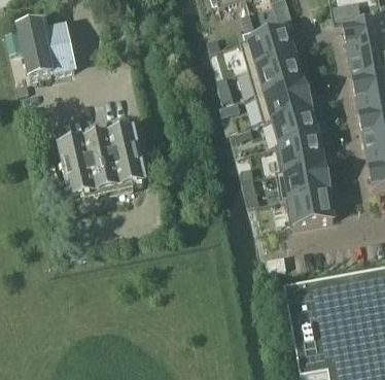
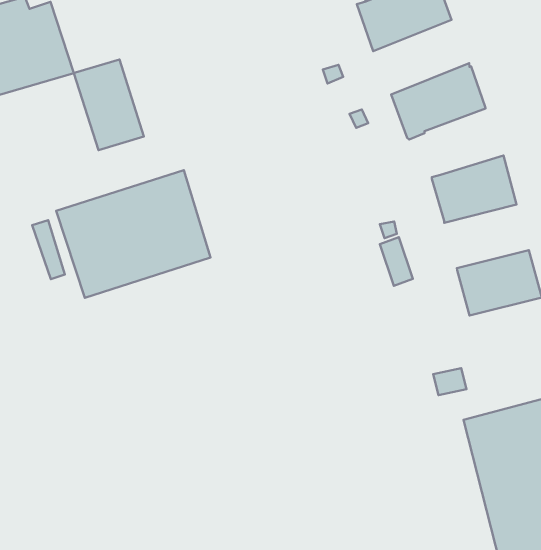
building: [247,54,302,94] -> none
building: none -> [74,60,144,150]
building: [273,106,317,142] -> none
building: [275,163,327,199] -> none

